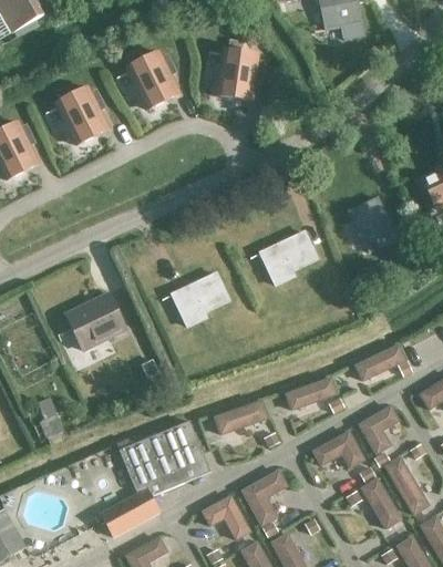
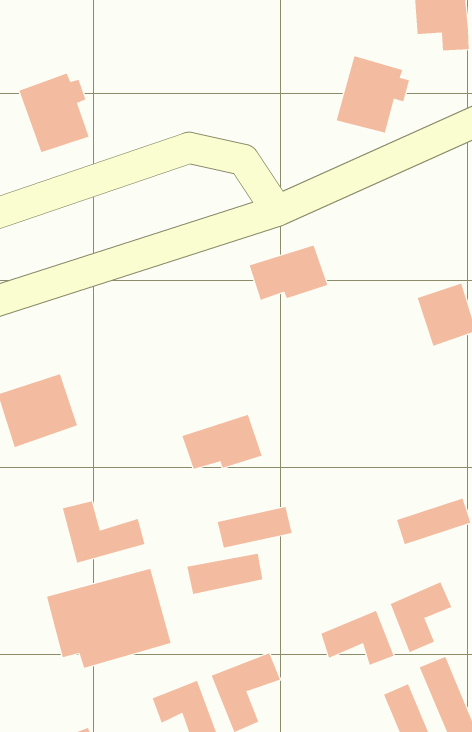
building: [216,49,264,100] -> [336,55,410,133]
building: [126,51,178,109] -> none
building: [260,231,317,275] -> [249,245,328,300]
building: [172,272,229,316] -> [182,414,262,469]
building: [284,377,337,411] -> [217,507,292,548]
building: none -> [62,501,145,563]
building: [100,487,158,537] -> none

